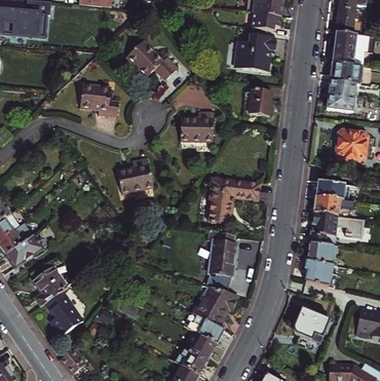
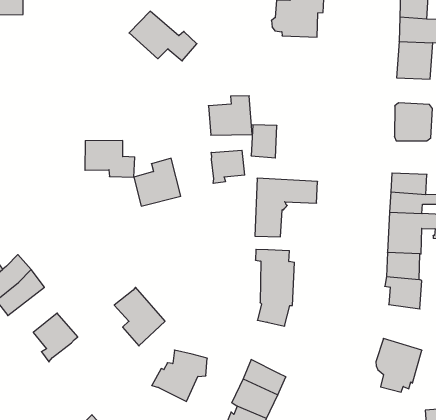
building: [80,84,119,115] -> [85,141,135,177]
building: [250,89,271,116] -> [251,125,277,158]
building: none -> [211,150,245,183]
building: [193,288,237,328] -> [152,350,207,401]
building: [46,290,84,335] -> [114,287,165,346]

